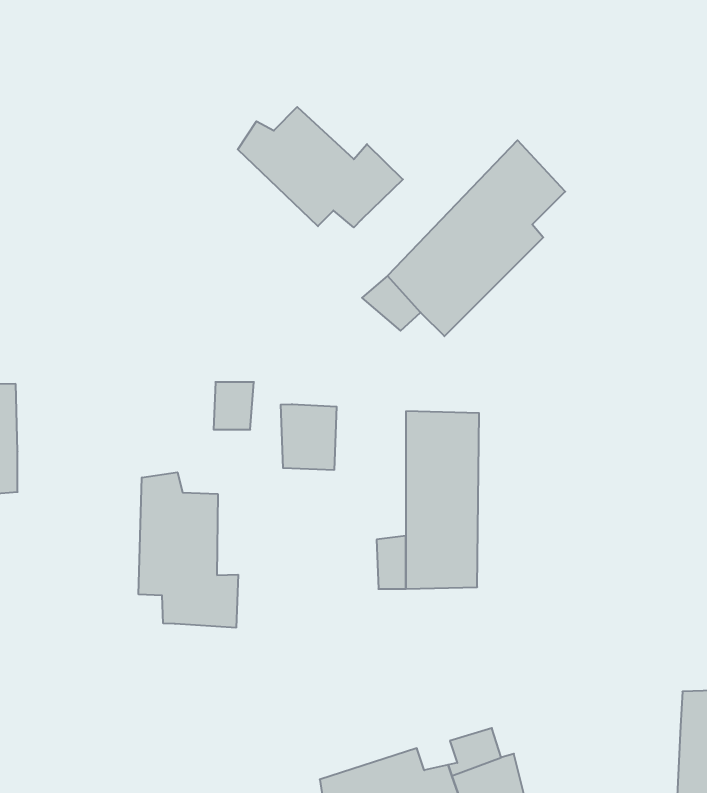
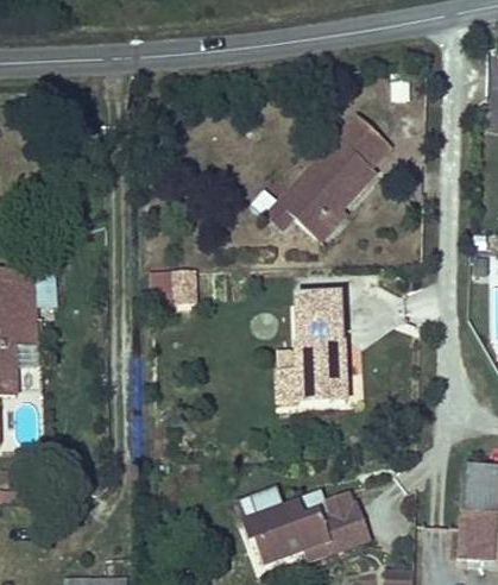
building: [238,107,403,227] -> none
building: [281,404,337,470] -> none
building: [139,472,238,628] -> none

